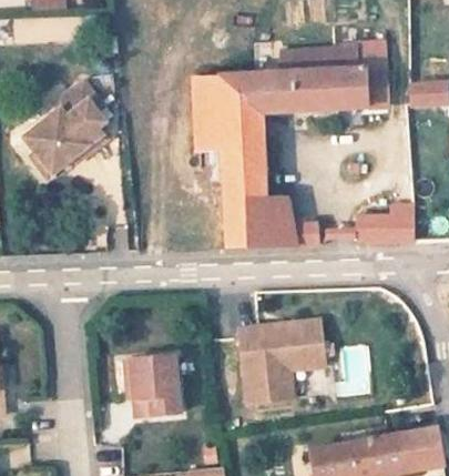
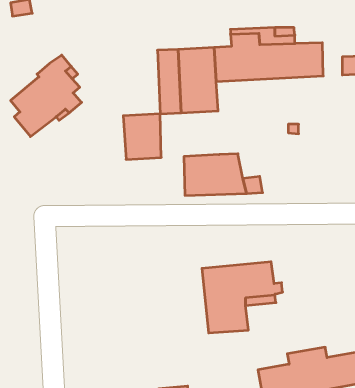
building: [220,146,264,200] -> [123,114,161,159]
building: [357,215,412,242] -> none
building: [137,359,183,421] -> none

